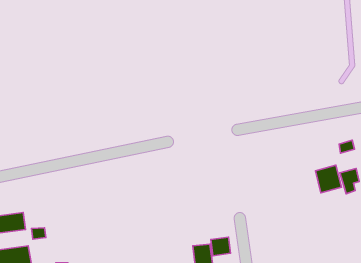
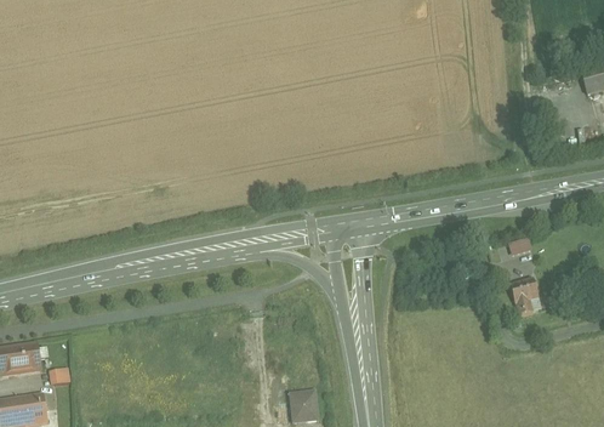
building: [315,165,341,193] -> none
building: [211,237,230,256] -> none

